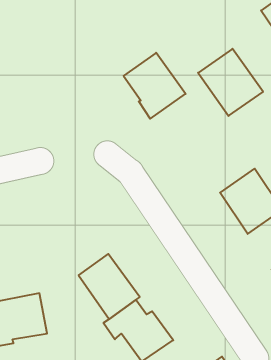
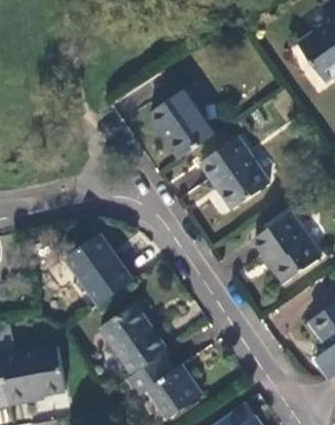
building: [198,49,263,116] -> [198,137,268,208]
building: none -> [65,233,132,304]

